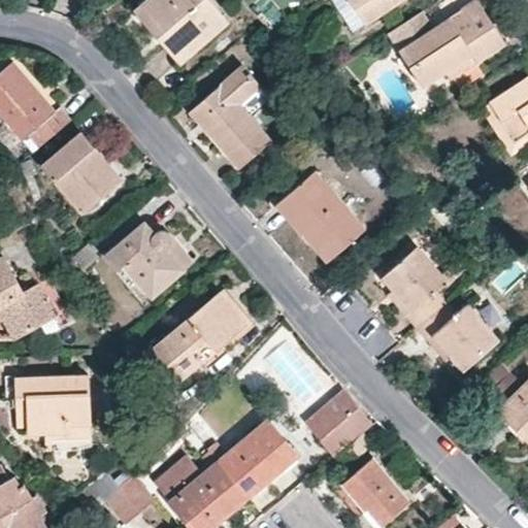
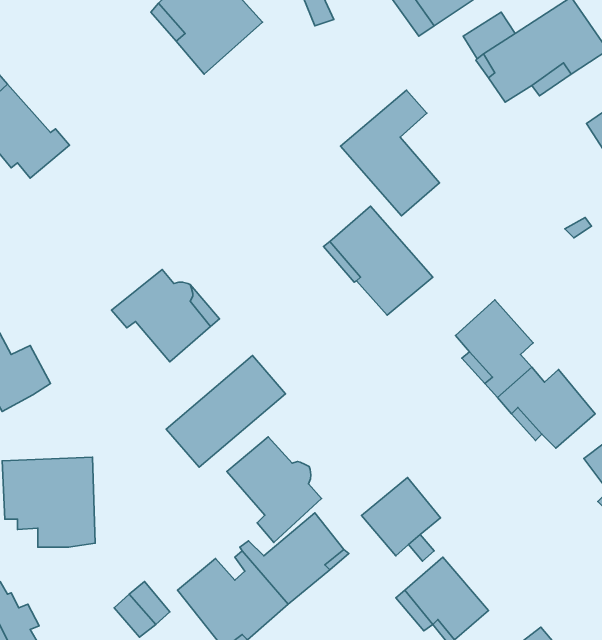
building: [189,66,269,168] -> [341,90,440,216]
building: [41,133,121,213] -> none
building: none -> [227,437,322,542]

